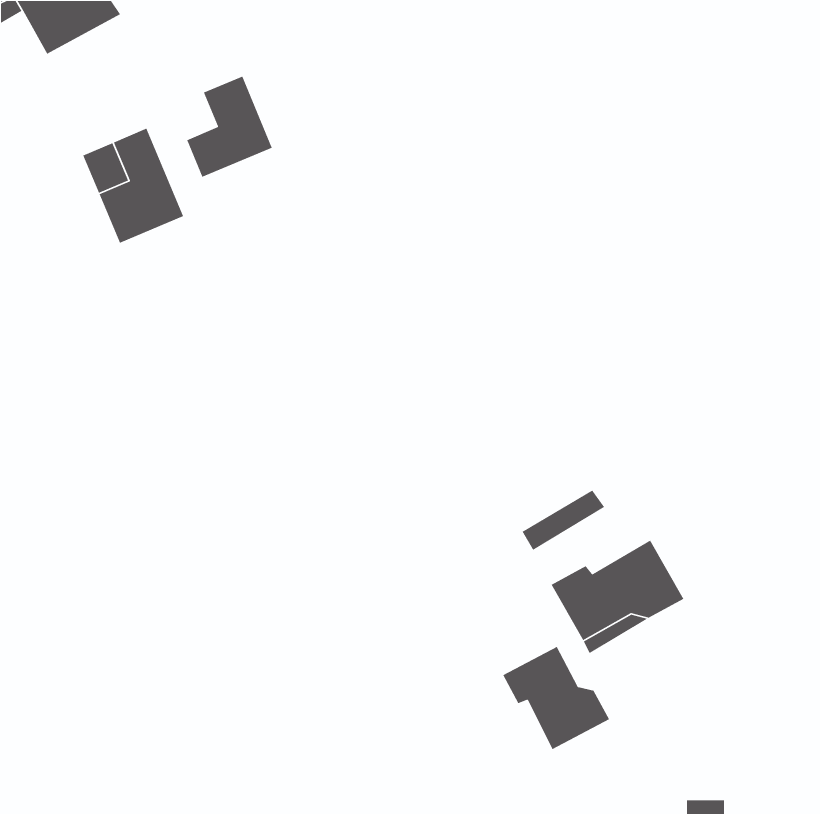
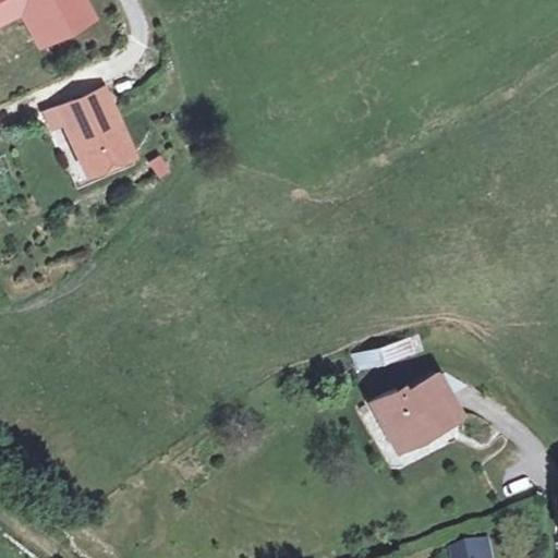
building: [186,75,273,178] -> none
building: [502,646,610,750] -> none

